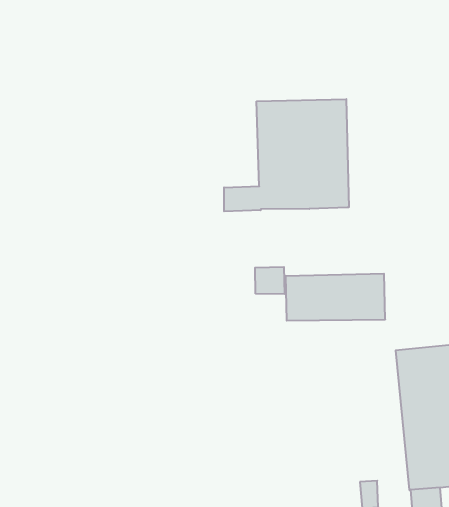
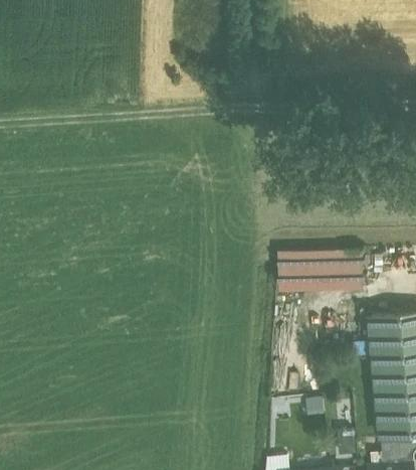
building: [224,99,349,211] -> none
building: [255,267,284,294] -> none

